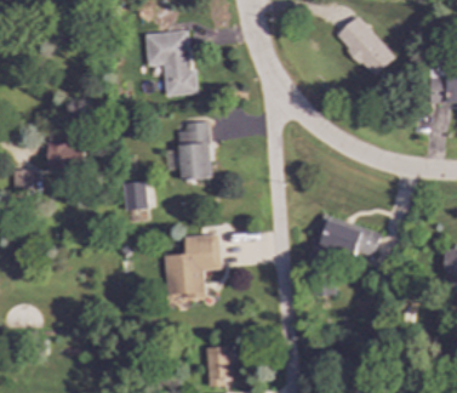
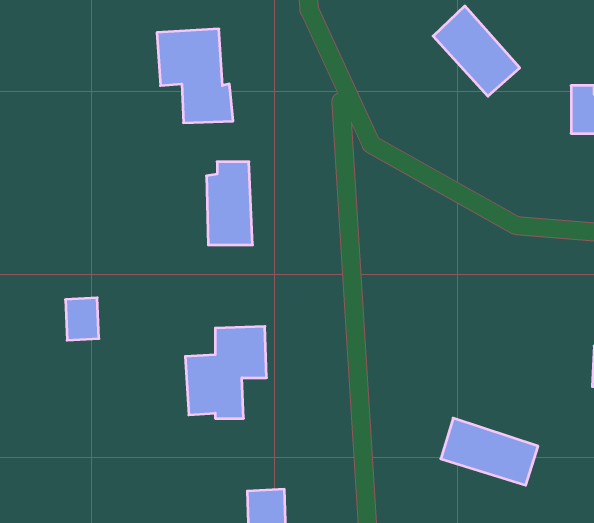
building: [47,142,84,169] -> none
building: [124,181,147,210] -> [65,298,99,340]
building: [314,213,381,260] -> [441,418,538,485]

